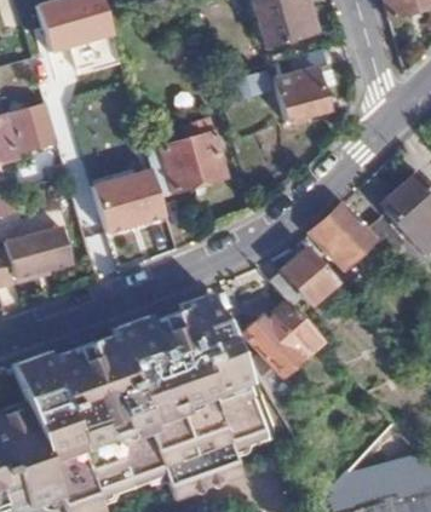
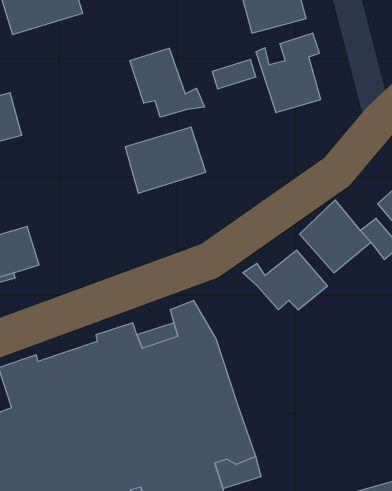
building: none -> [130,48,204,117]
building: [91,168,163,235] -> none
building: [242,301,323,375] -> none

